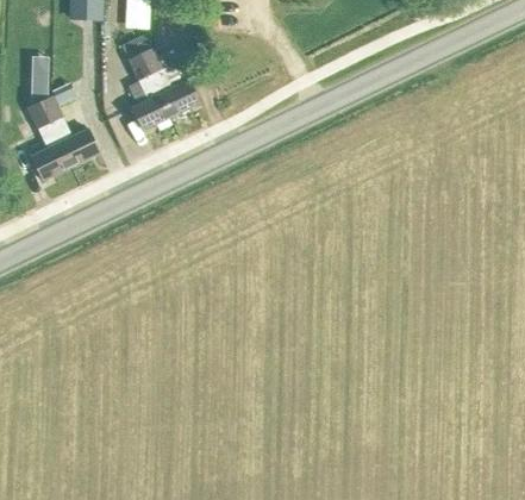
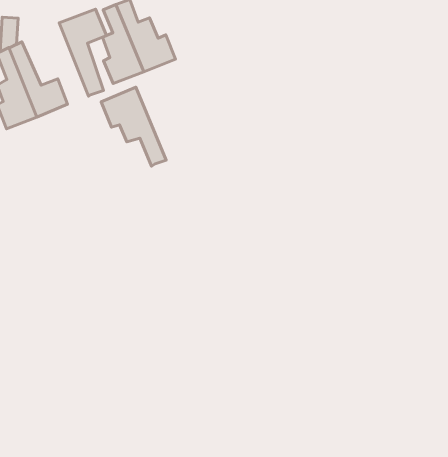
building: none -> [59,9,106,96]
building: none -> [101,87,166,166]

